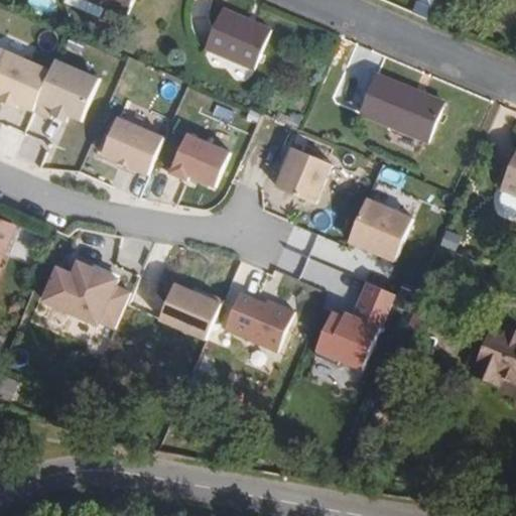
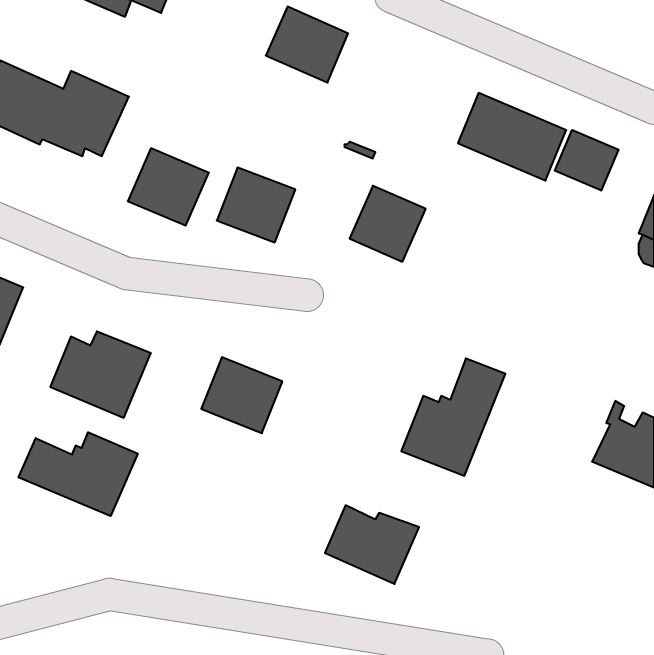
building: none -> [555,130,619,191]
building: [347,197,413,262] -> none
building: [222,290,295,352] -> [325,505,419,584]
building: none -> [19,432,138,516]

